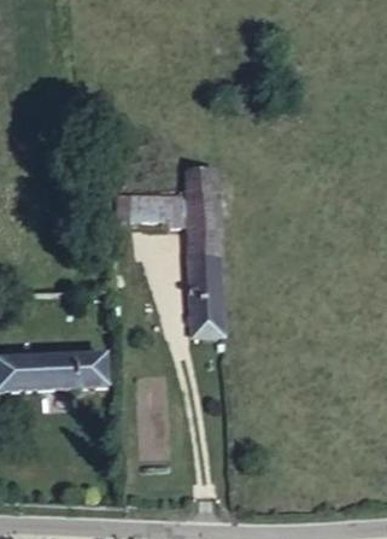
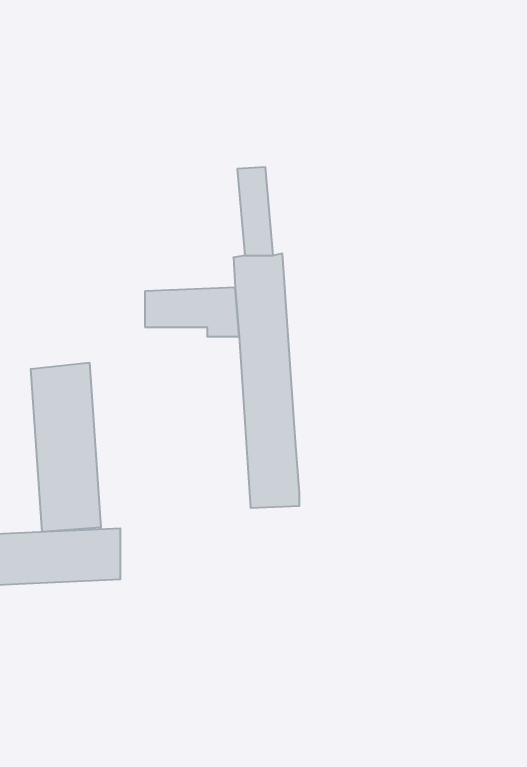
building: none -> [31,363,101,532]

